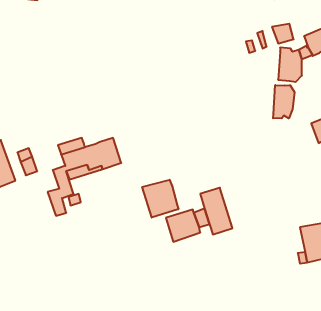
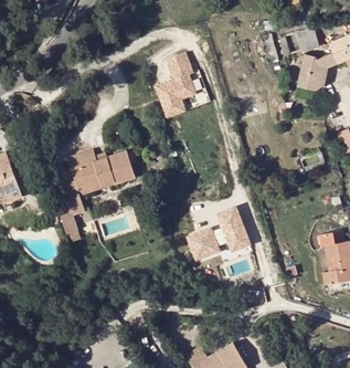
building: none -> [157,54,197,118]
building: [273,85,294,118] -> none
building: [142,180,178,218] -> none

